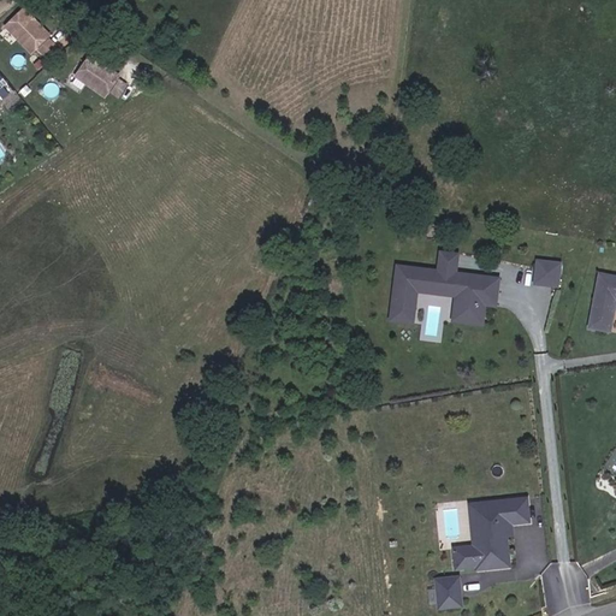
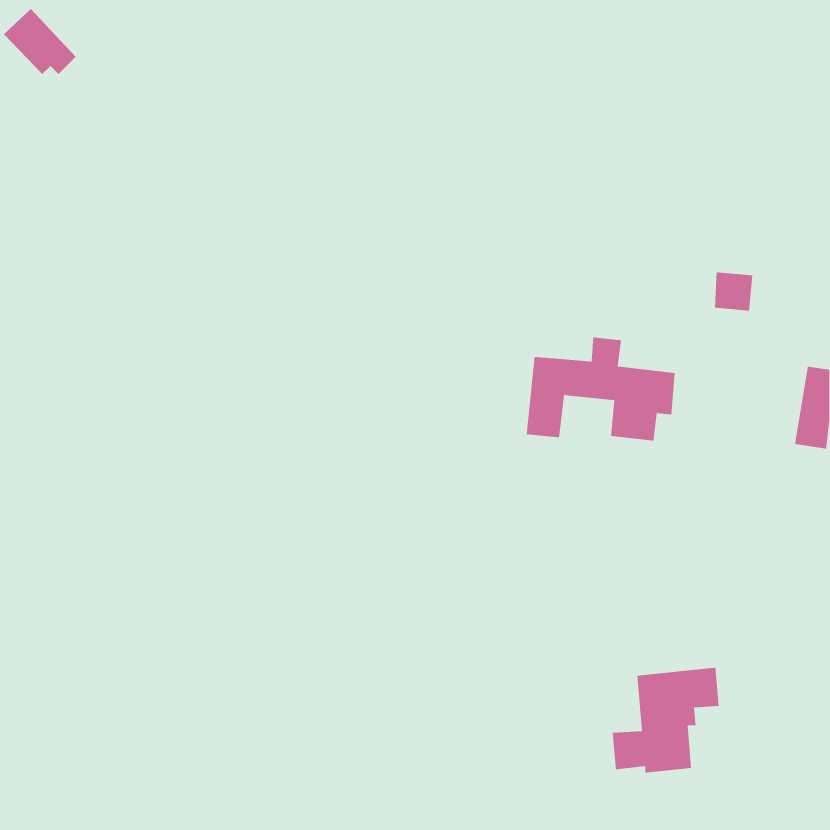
building: [73,55,129,99] -> none
building: [533,259,562,288] -> [714,272,753,311]
building: [436,576,462,610] -> none

